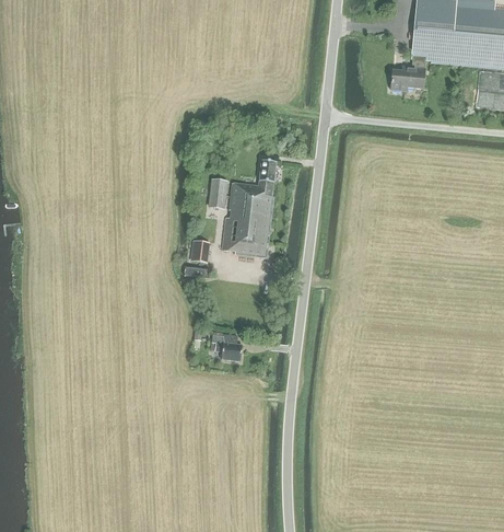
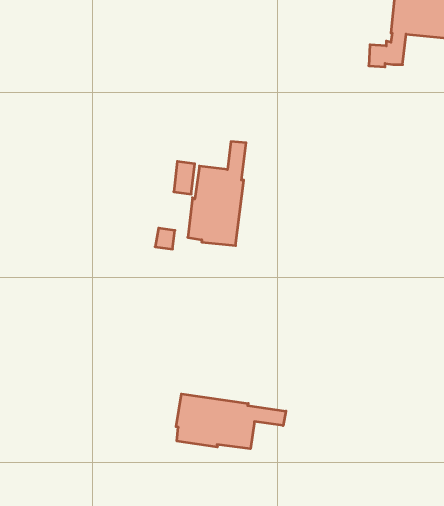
building: [211,334,242,360] -> none
building: none -> [176,394,286,449]

